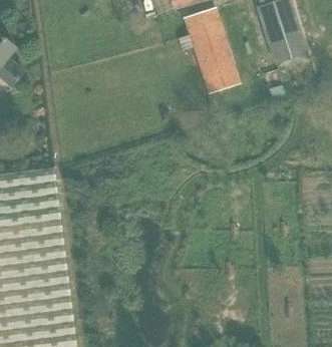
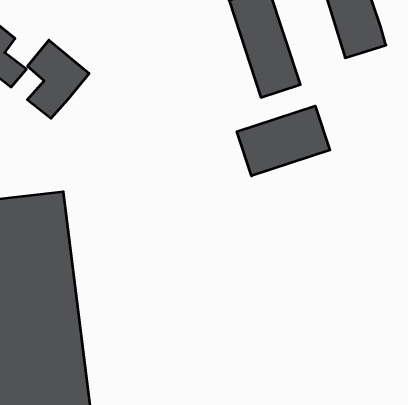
building: none -> [27,40,89,118]
building: none -> [237,106,330,176]

